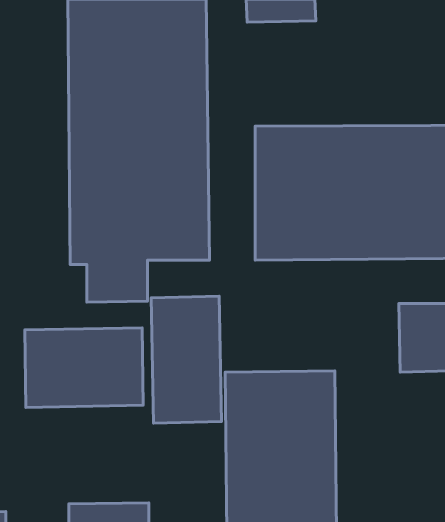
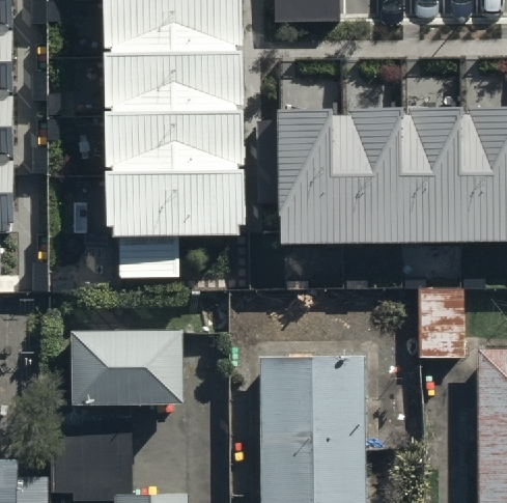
building: [151,296,221,423] -> none

